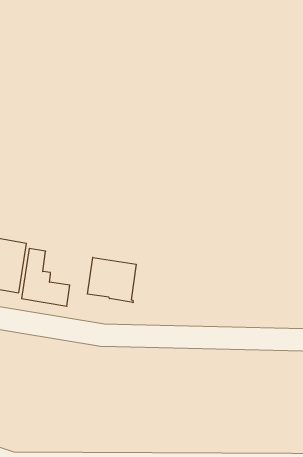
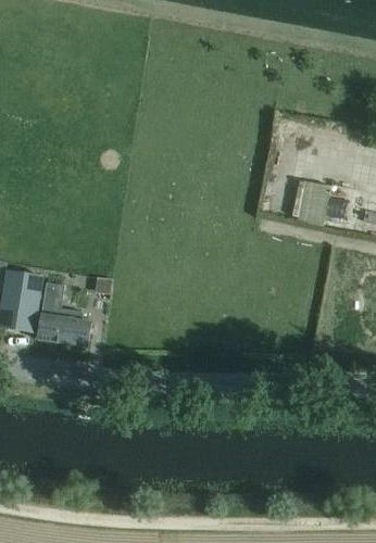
building: [88,257,136,303] -> none

